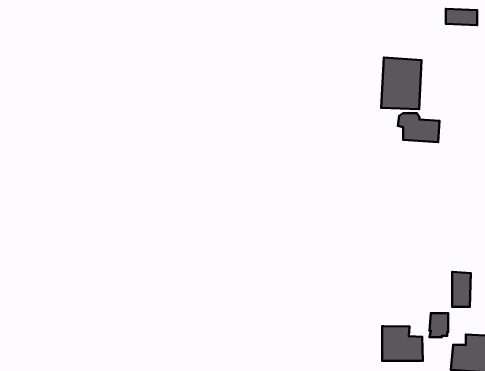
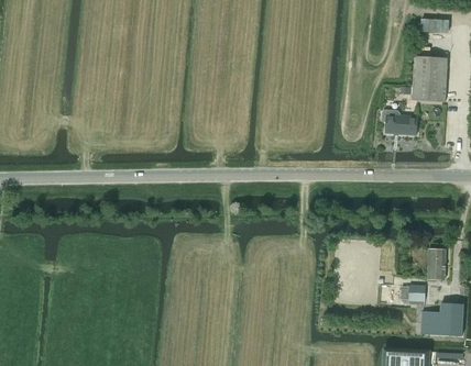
building: [381,58,422,109] -> [412,56,447,101]
building: [382,326,423,361] -> none

